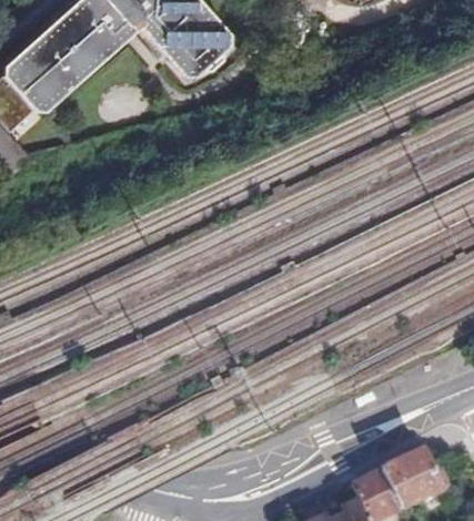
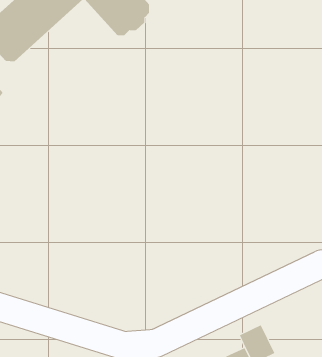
building: [383,450,440,507] -> none

